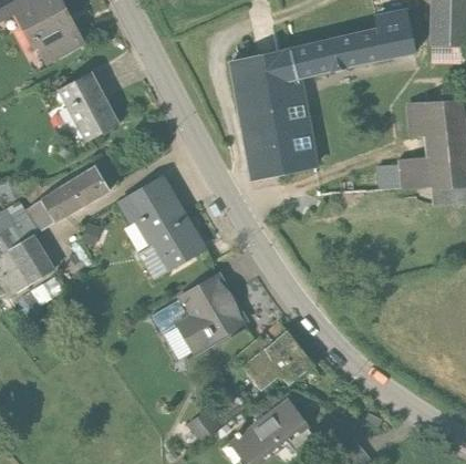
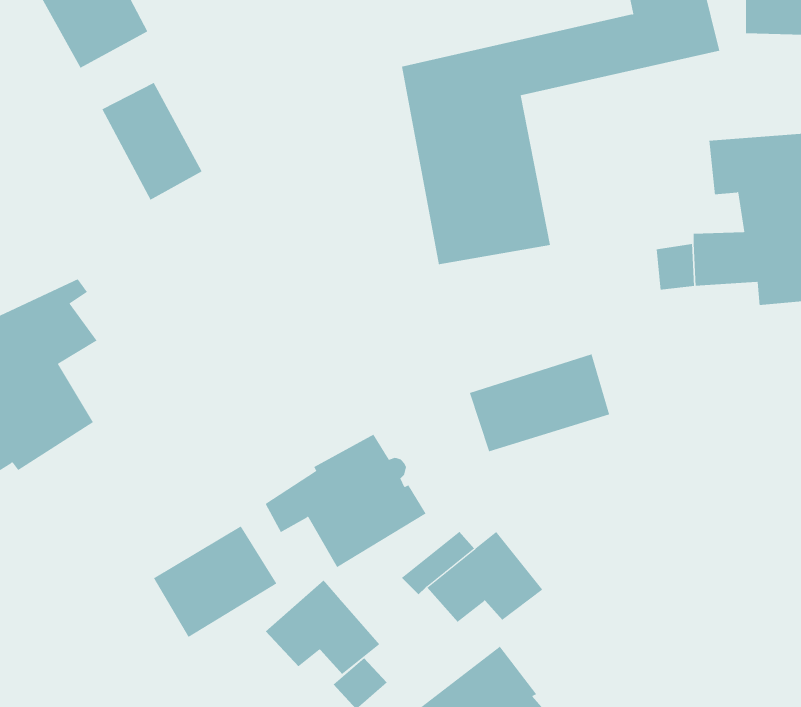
building: [43,165,112,220] -> none
building: [122,175,205,277] -> none
building: none -> [469,354,610,452]
building: none -> [153,526,277,638]
building: none -> [265,580,380,675]

